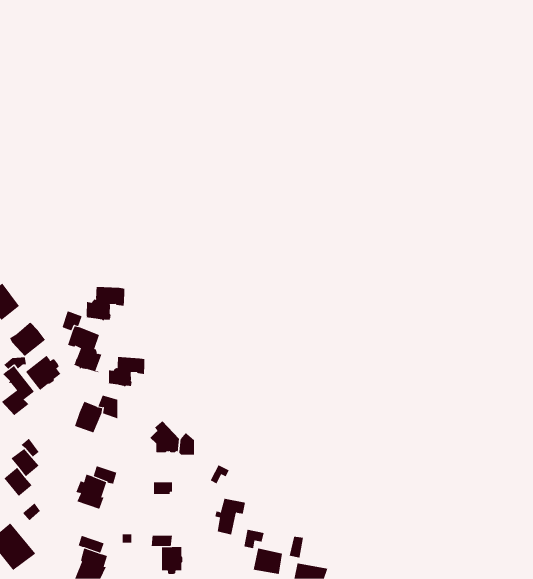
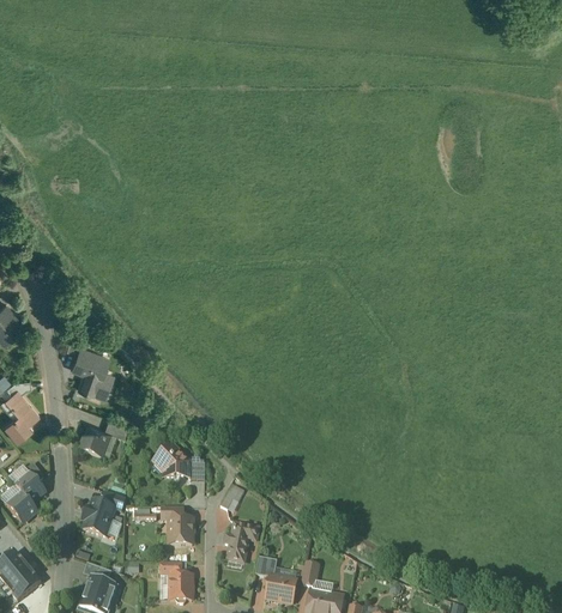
building: [82,286,125,321] -> none
building: [9,321,46,357] -> none
building: [25,355,61,391] -> none
building: [105,356,145,387] -> none
building: none -> [169,520,192,546]

